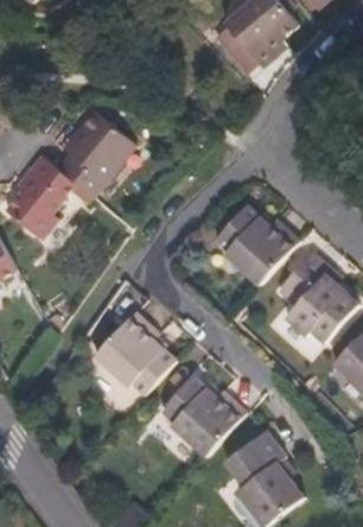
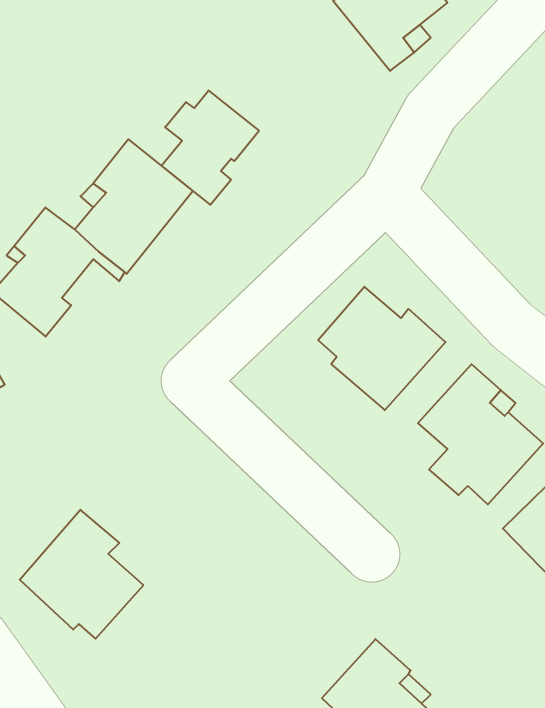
building: none -> [161,90,259,205]
building: [93,315,172,398] -> [20,510,143,639]
building: [163,377,246,456] -> none

